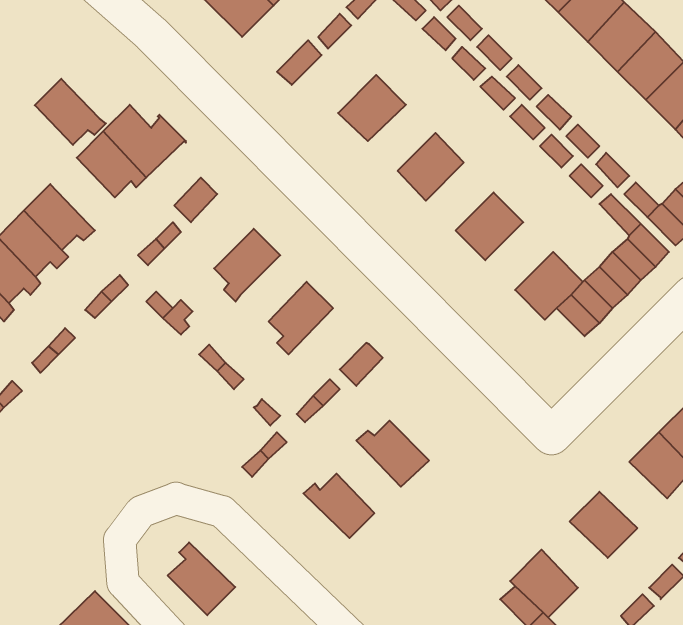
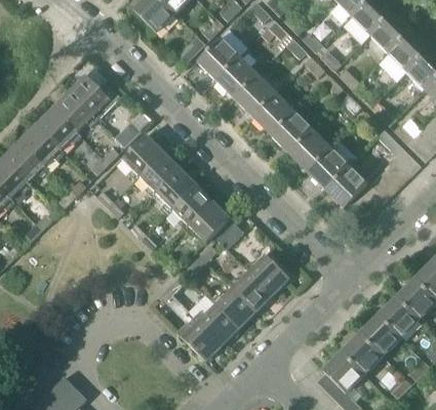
building: none -> [197,38,239,80]
building: [35,79,106,145] -> [37,108,81,149]
building: none -> [234,75,276,116]
building: none -> [270,111,312,153]
building: none -> [121,134,163,180]
building: none -> [307,148,349,190]
building: none -> [155,168,196,213]
building: none -> [185,201,230,242]
building: none -> [243,253,289,295]
building: none -> [210,287,254,328]
building: none -> [378,296,420,337]
building: none -> [342,333,383,374]
building: [168,542,235,615] -> [181,316,223,361]

